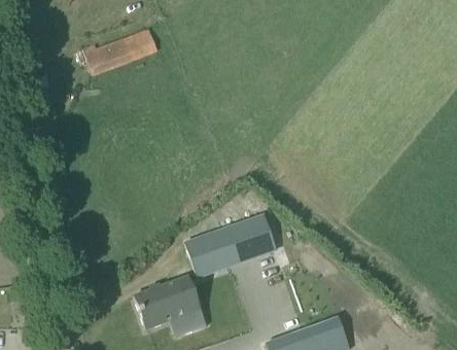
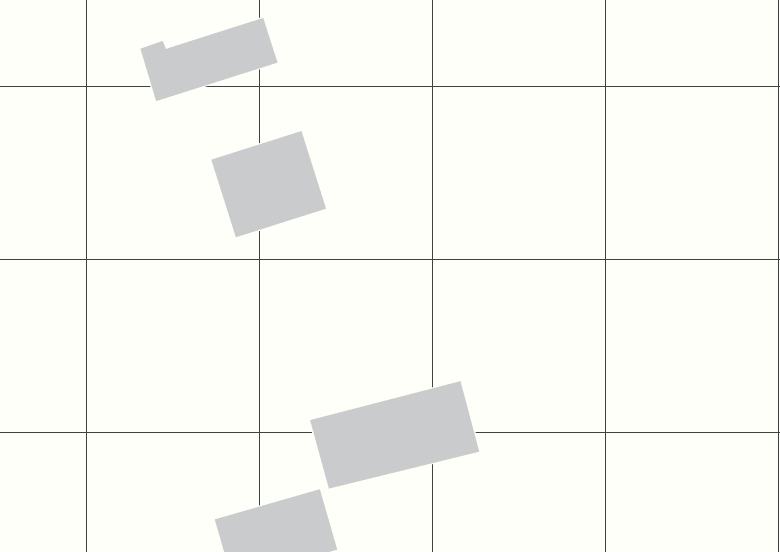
building: none -> [211,130,327,238]

